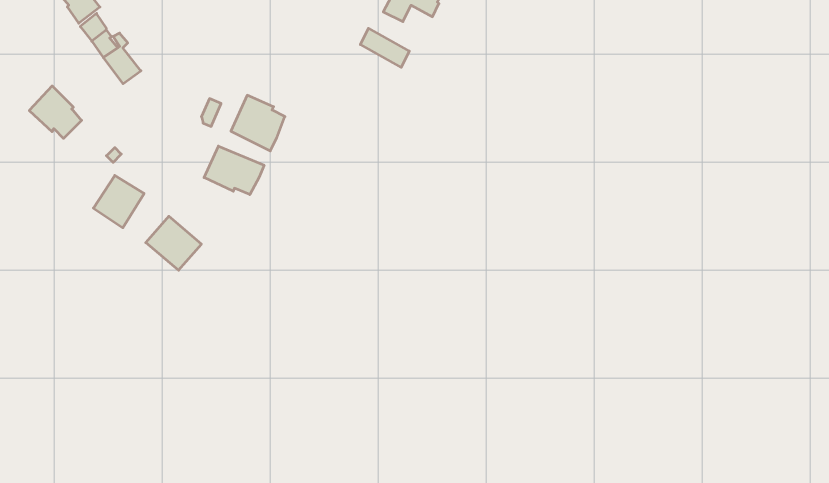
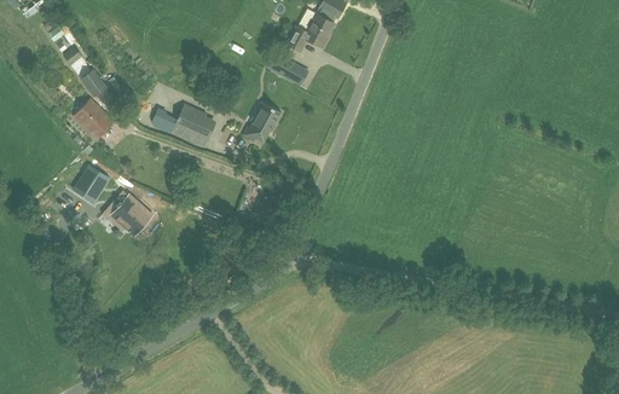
building: [29,86,82,138] -> [73,98,111,137]
building: none -> [242,104,279,140]
building: [204,146,264,195] -> none

